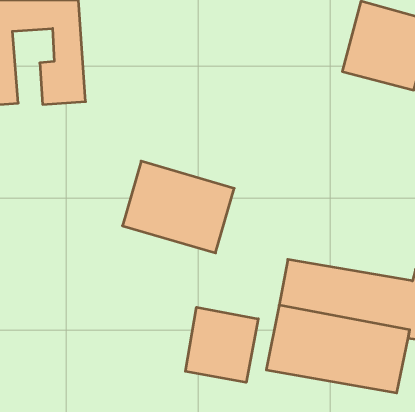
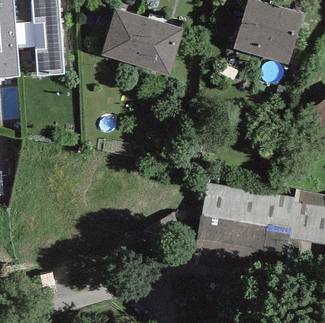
building: [122,161,234,253] -> [111,13,189,77]
building: [185,307,258,382] -> none

